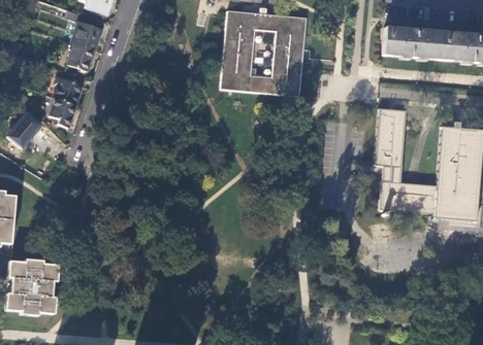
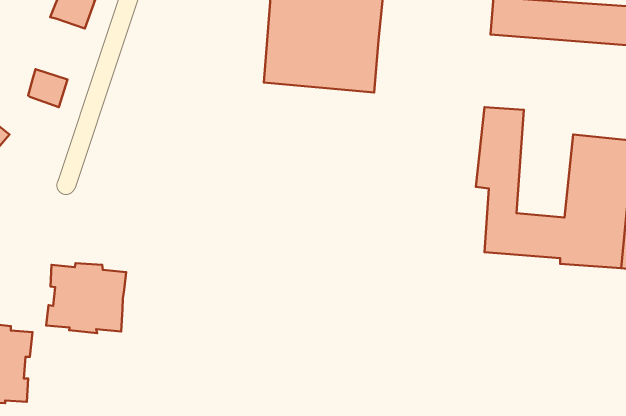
building: [66,43,94,71] -> none
building: [50,99,75,128] -> none
building: none -> [46,263,126,333]

